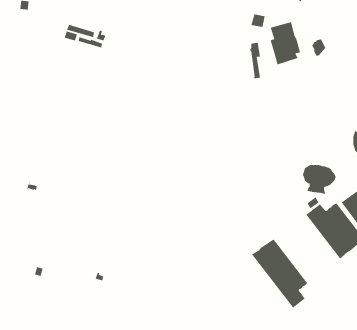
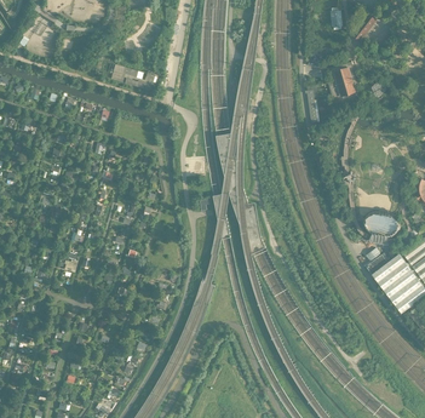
building: [251,239,308,309] -> none

